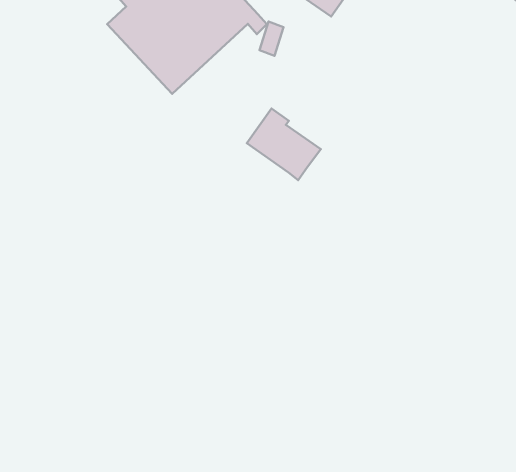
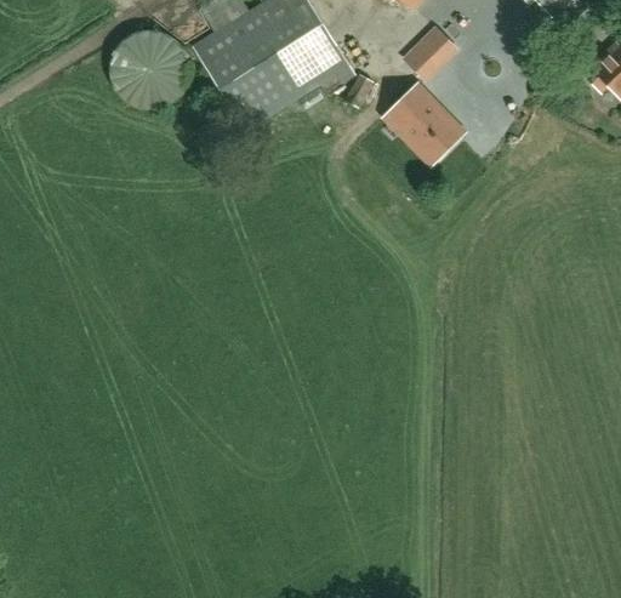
building: none -> [116,35,173,101]
building: [247,108,321,180] -> [386,85,461,164]

